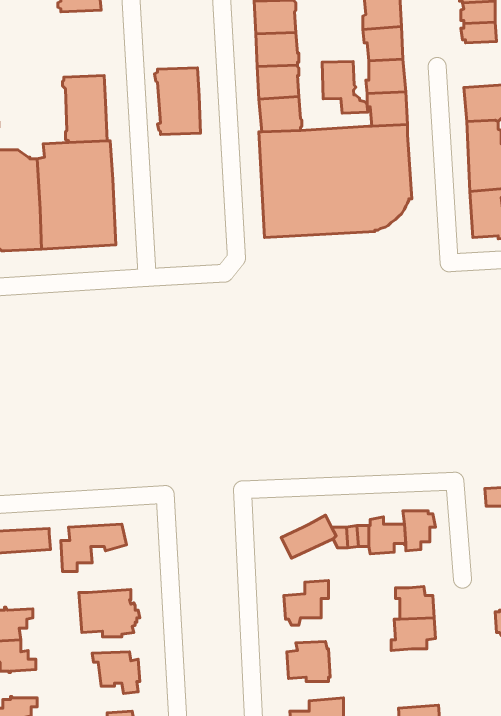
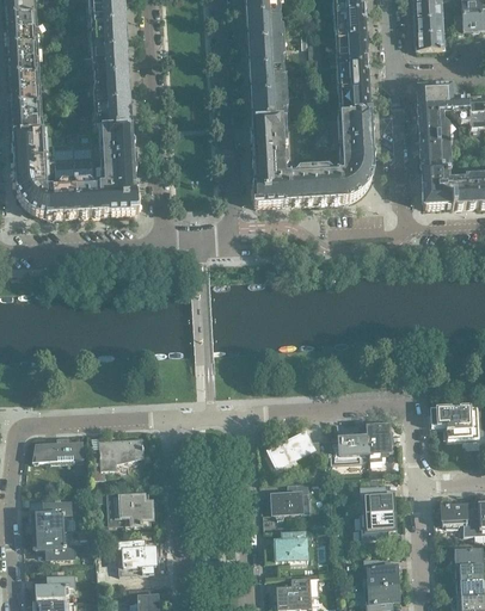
building: [322,62,368,113] -> none
building: [154,68,201,135] -> [90,23,127,76]
building: none -> [364,557,395,584]

